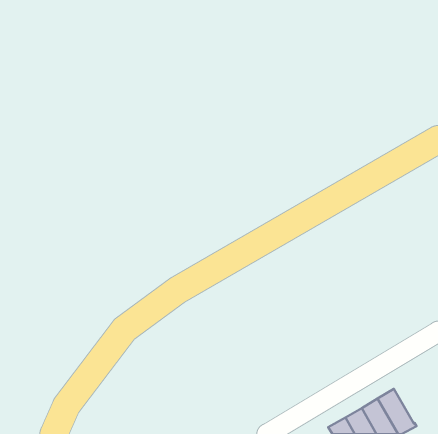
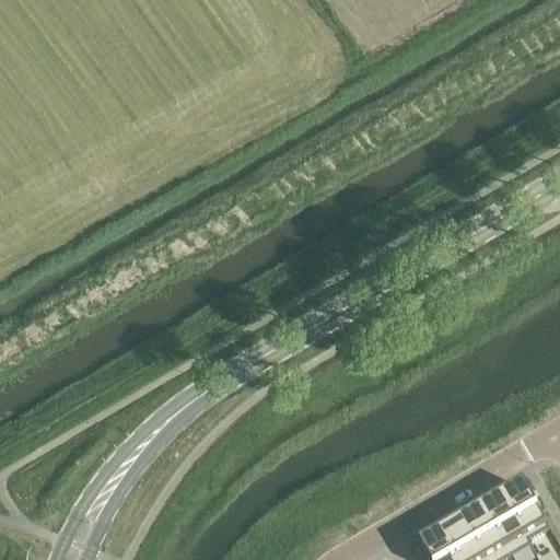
building: none -> [498,479,544,535]

